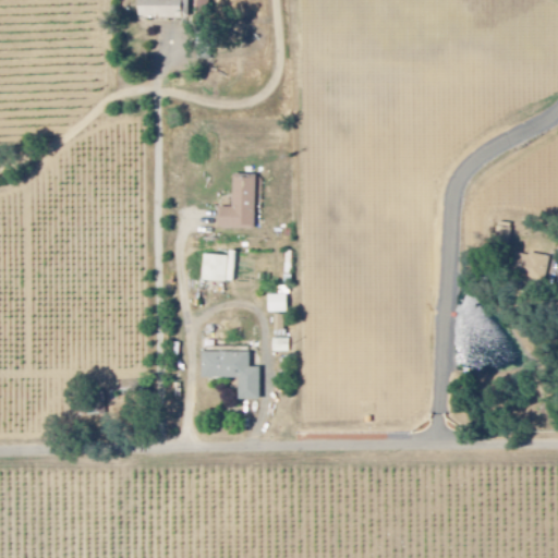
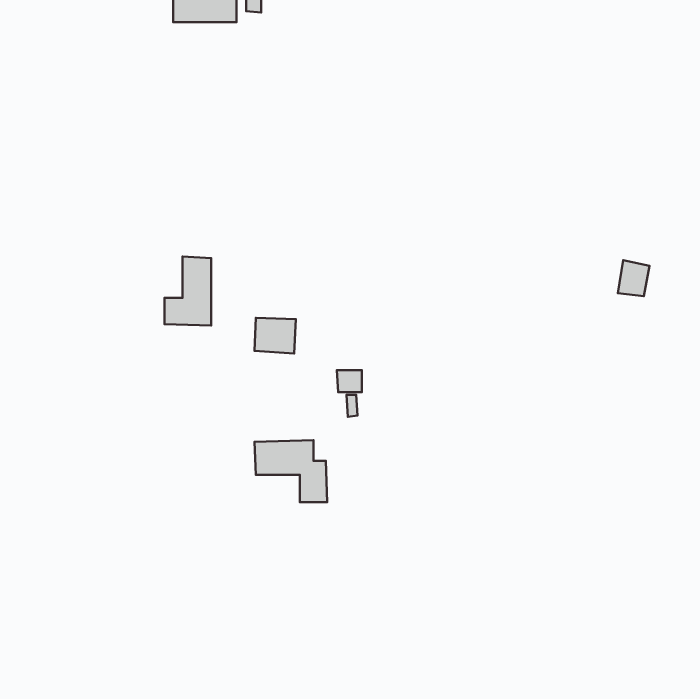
building: [217,172,254,227] -> [165,257,211,325]
building: [523,251,548,279] -> [618,260,649,296]

